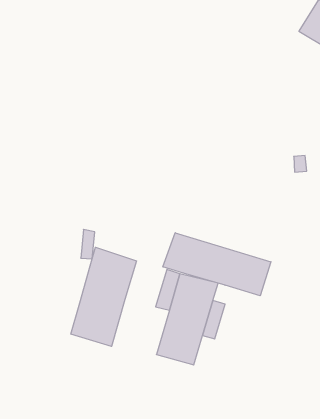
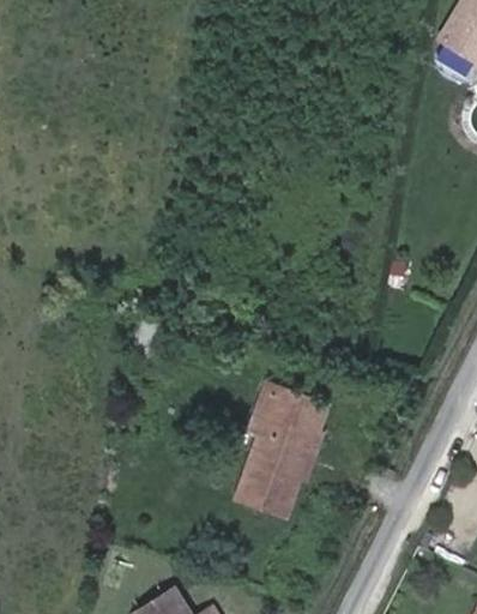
building: [163,233,271,296] -> none
building: [71,247,136,346] -> none

